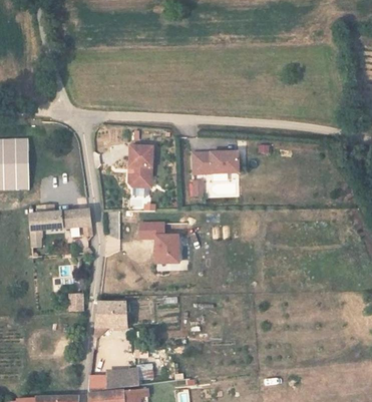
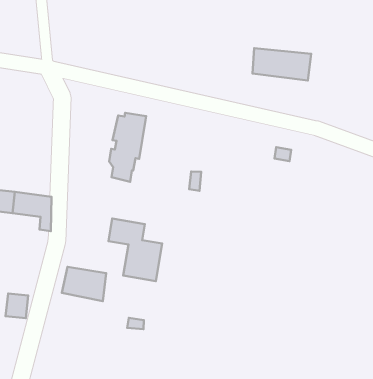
building: [193,145,239,168] -> [252,48,311,80]
building: [92,305,125,327] -> [62,267,106,301]

